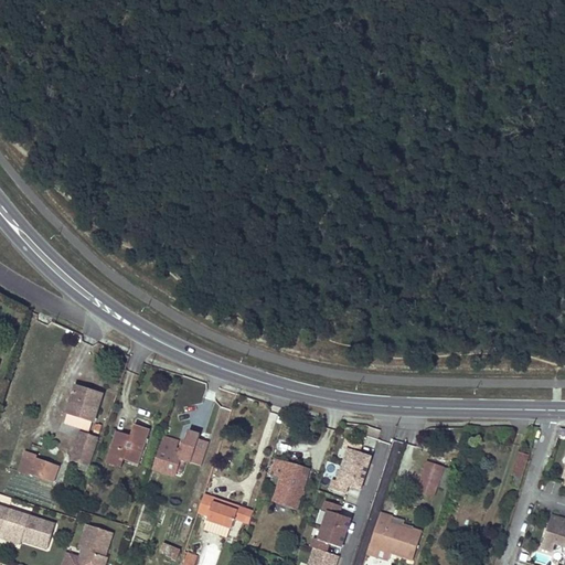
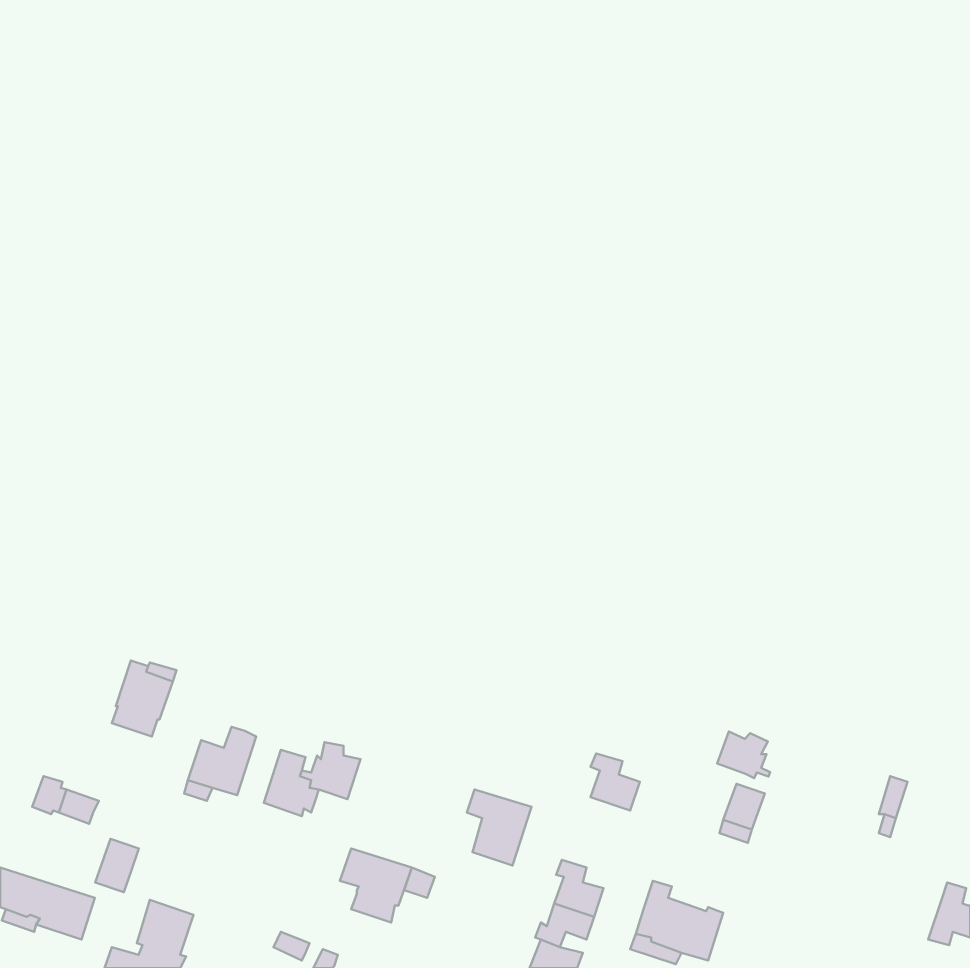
building: none -> [717,731,770,778]
building: [72,431,97,462] -> [95,839,139,892]
building: [330,463,366,492] -> none

